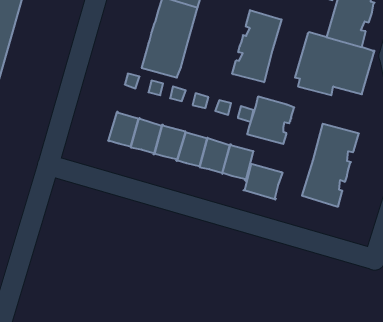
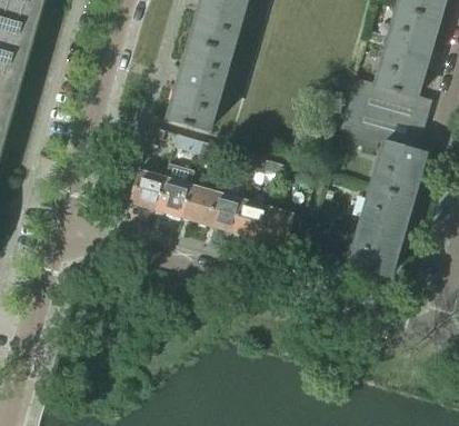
building: [232,10,282,82] -> none
building: [247,97,294,144] -> [372,139,426,192]
building: [243,164,283,200] -> none

